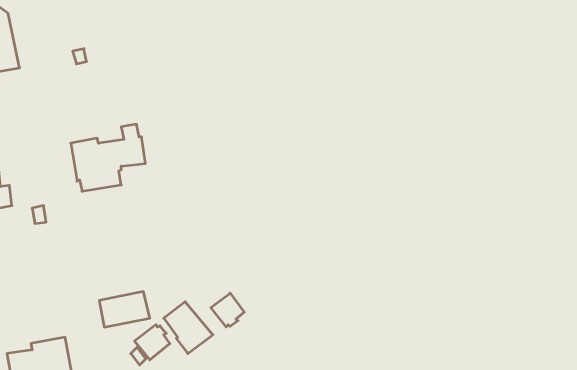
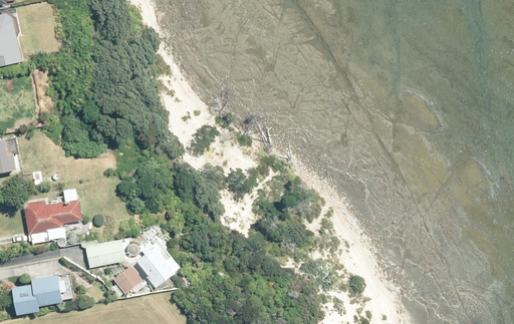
building: [71,124,145,191] -> [23,189,82,242]
building: [211,293,244,327] -> none

